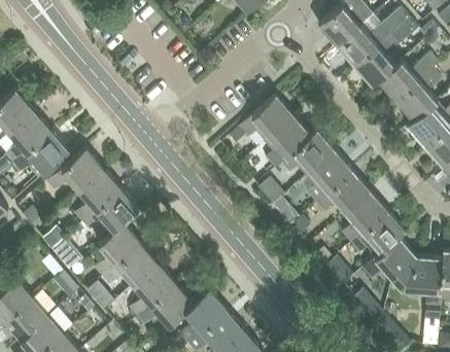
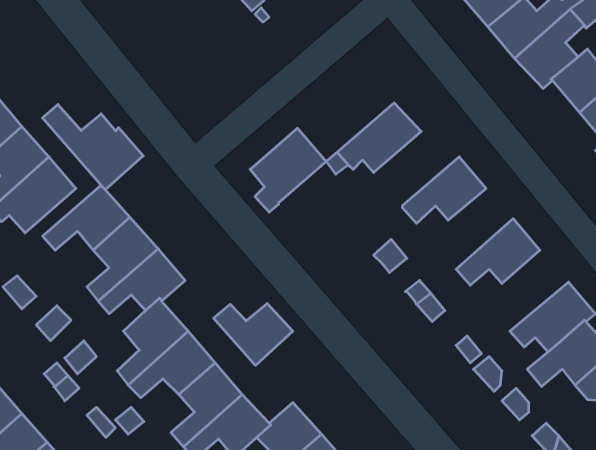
building: none -> [42,104,143,190]
building: [263,114,312,169] -> [250,128,326,212]
building: [308,151,353,204] -> none
building: [343,191,389,244] -> none
building: none -> [214,303,293,365]

